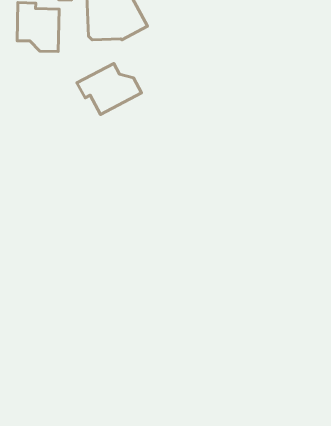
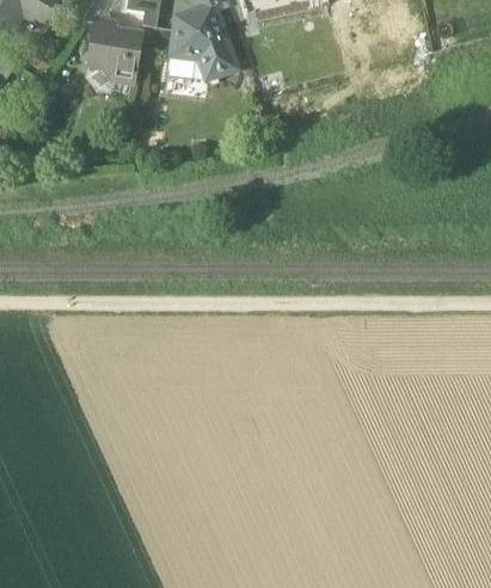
building: [77,64,142,115] -> none

